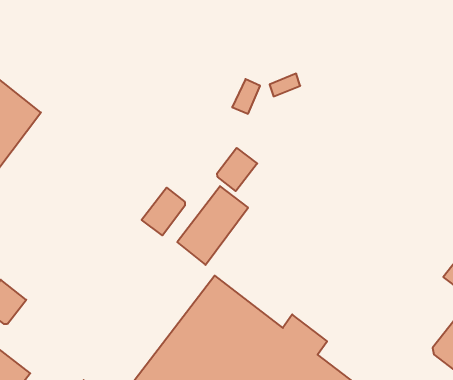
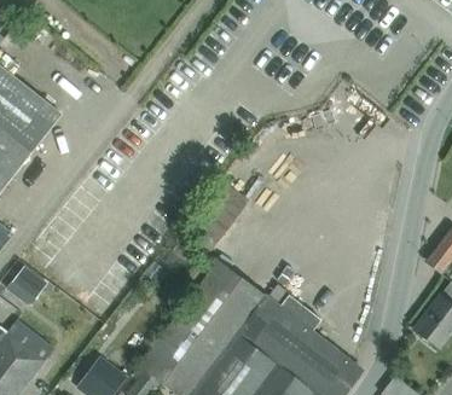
building: [217,148,257,191] -> none
building: [142,188,185,235] -> none

